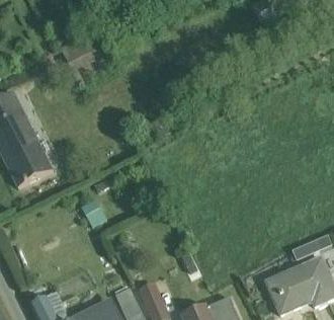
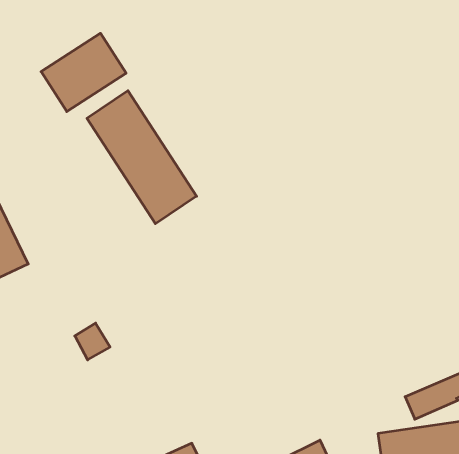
building: none -> [87,91,197,224]

